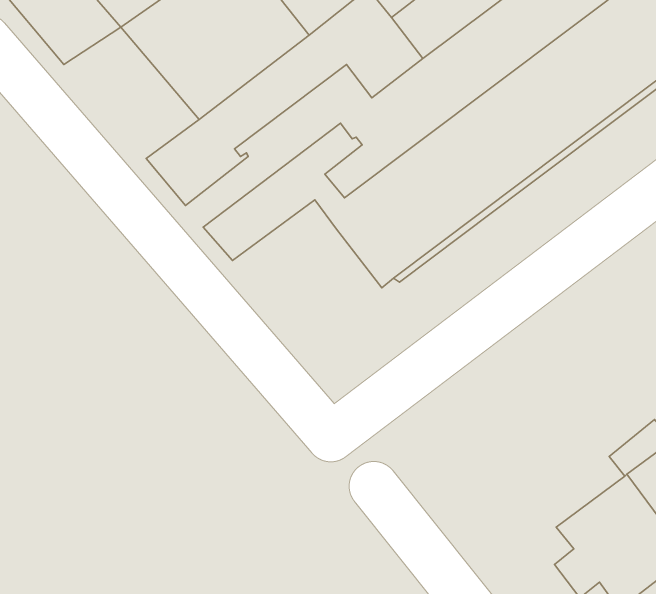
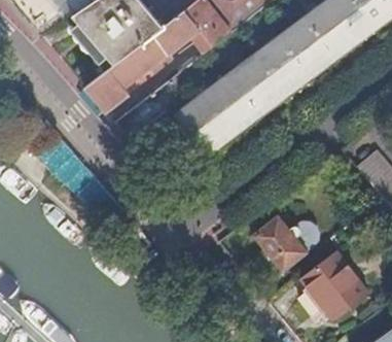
building: none -> [252,216,317,272]

